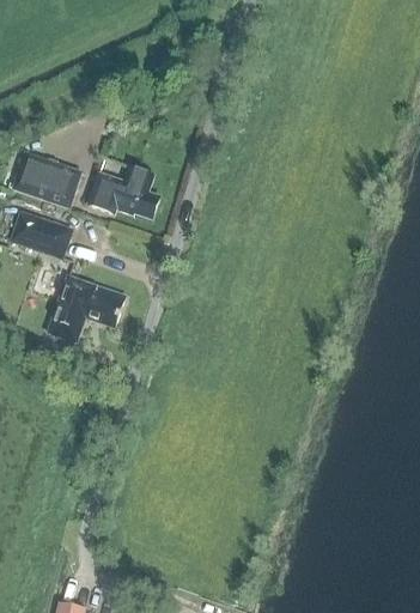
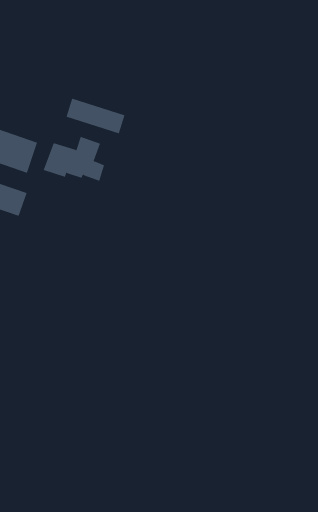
building: none -> [66,98,125,134]
building: [47,273,124,341] -> none

